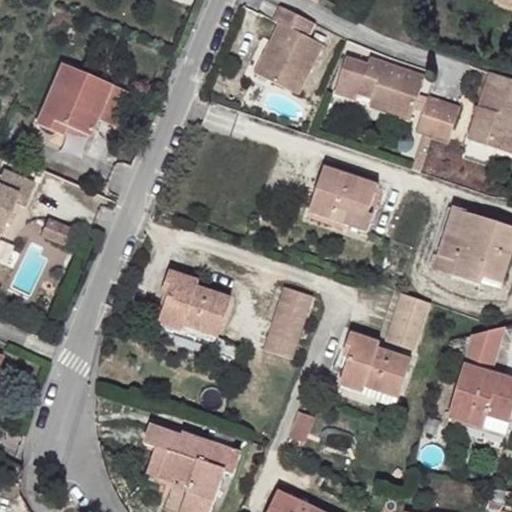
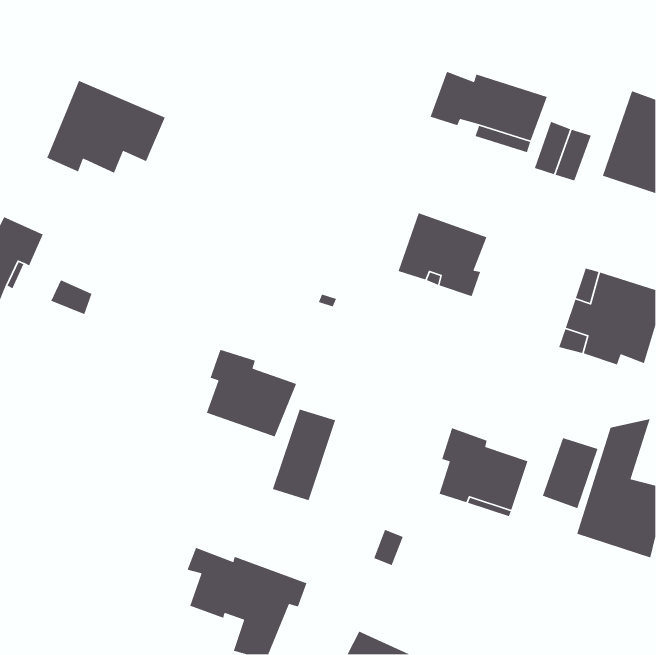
building: [255,5,323,93] -> none
building: [263,285,313,357] -> [272,408,336,501]
building: [386,293,430,349] -> [542,437,598,509]

